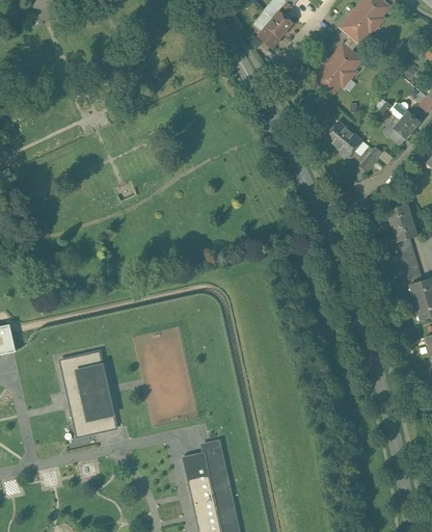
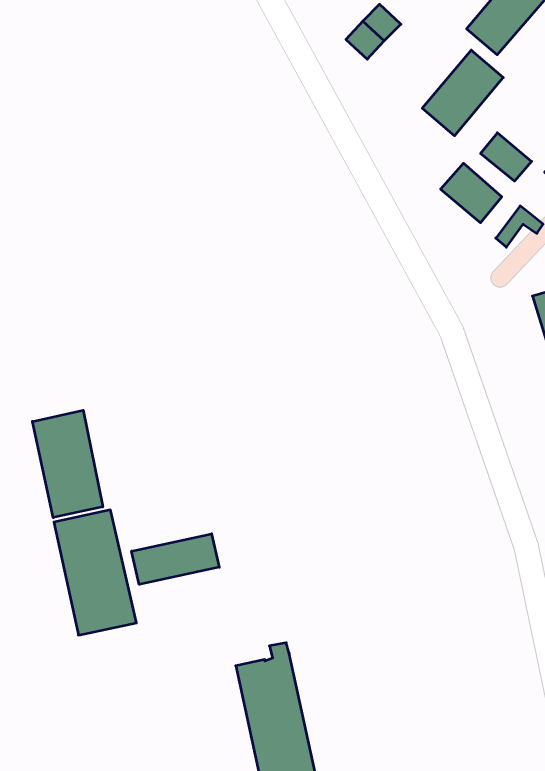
building: none -> [481,133,532,181]
building: none -> [32,410,103,518]
building: none -> [132,534,219,584]

